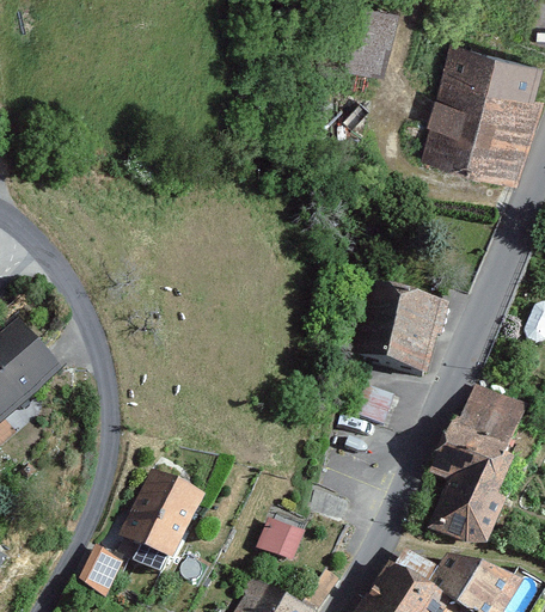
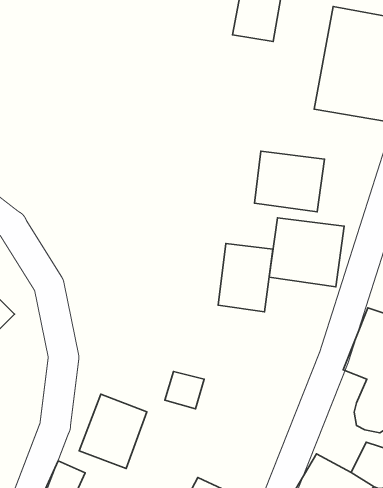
building: none -> [254,151,324,212]
building: none -> [218,244,273,312]
building: [258,516,306,562] -> [165,372,204,409]

